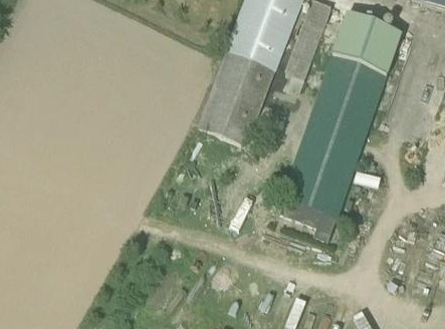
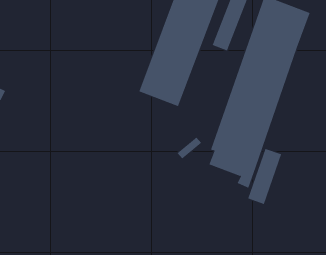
building: none -> [247,148,282,205]

